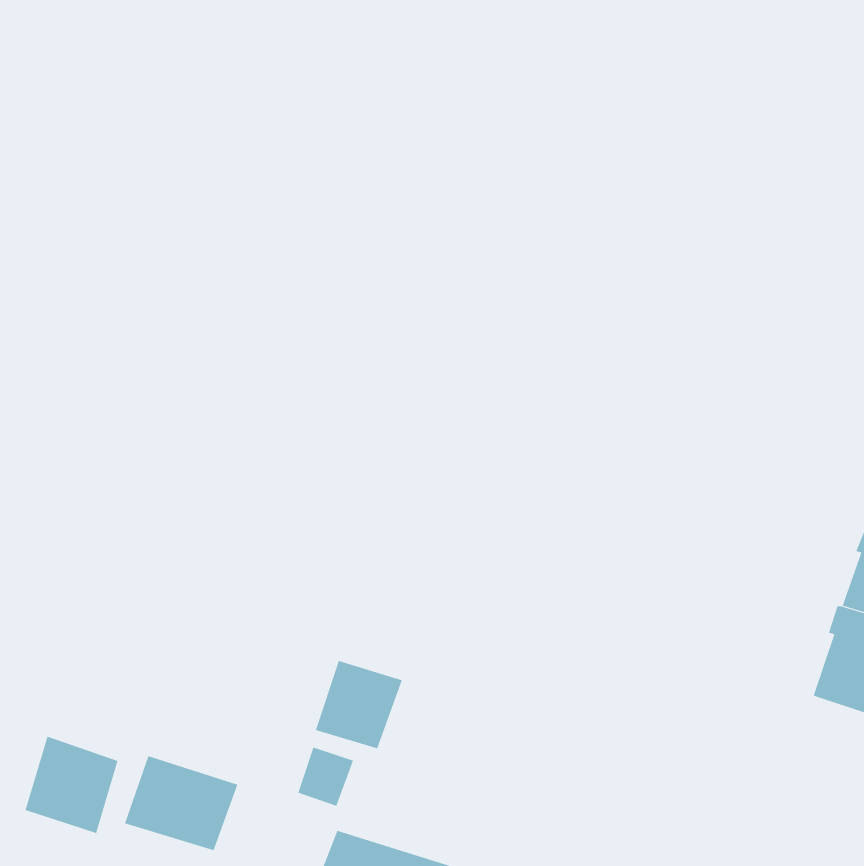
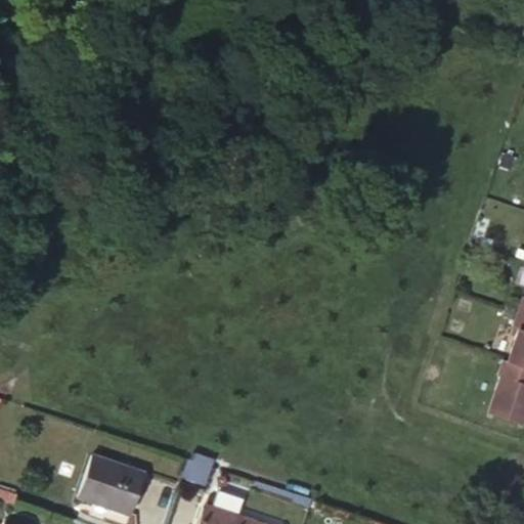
building: [315,660,402,749] -> none
building: [25,736,118,834] -> none

